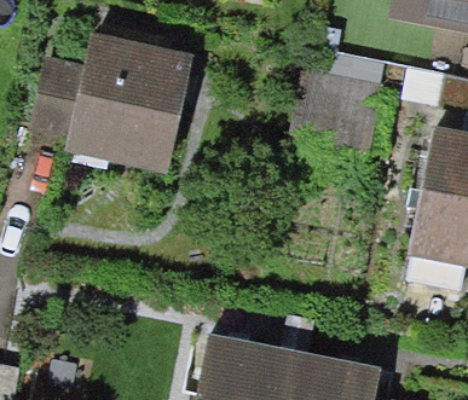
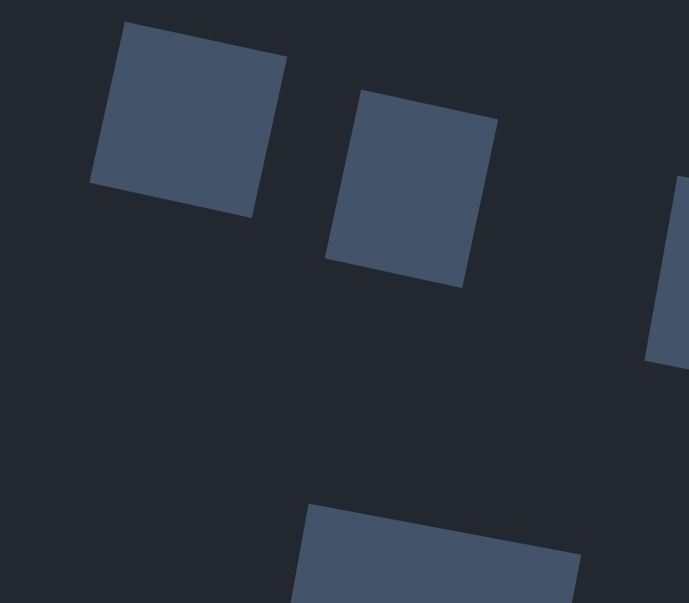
building: none -> [324,89,499,289]

